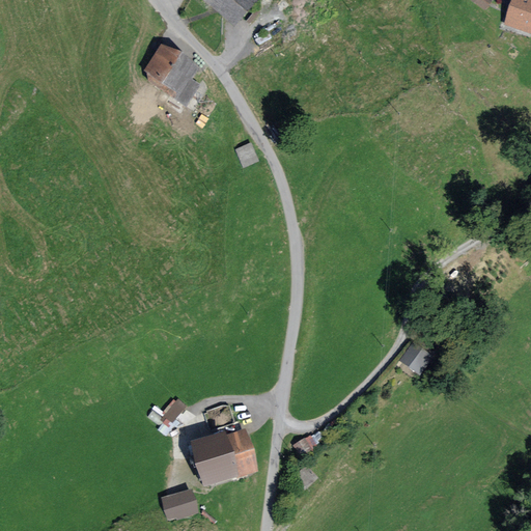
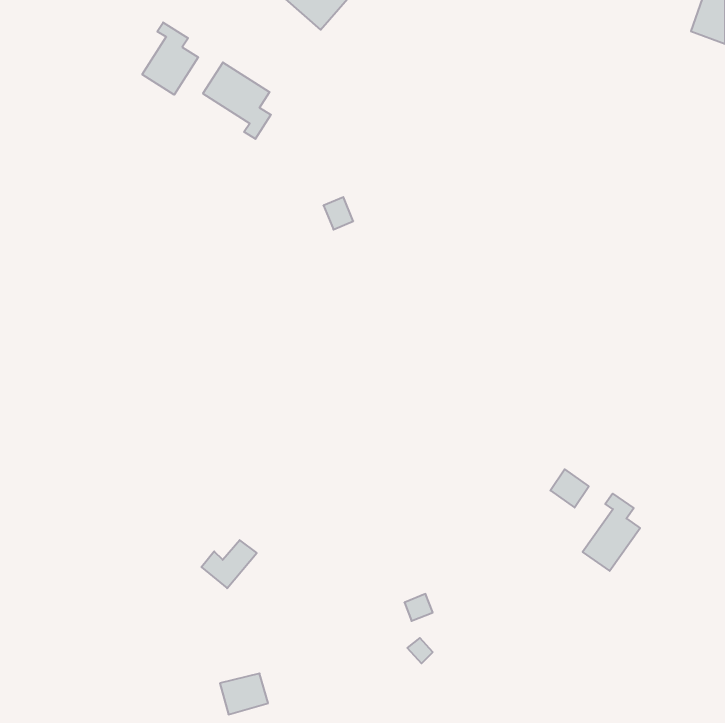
building: none -> [142,22,198,95]
building: none -> [583,494,640,571]
building: [194,406,254,483] -> none

